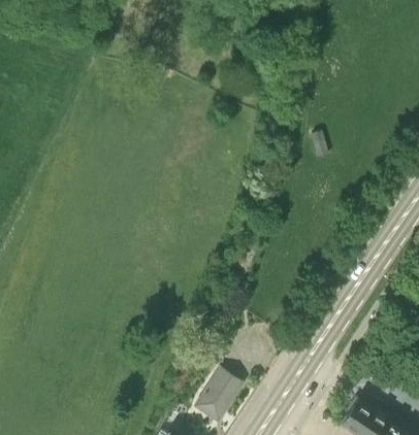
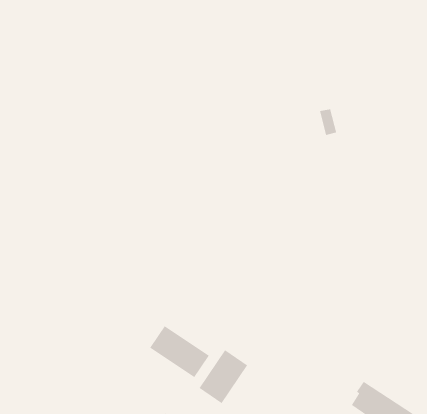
building: none -> [149,325,210,378]

